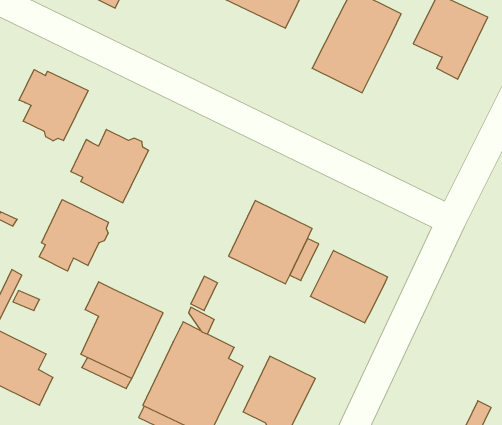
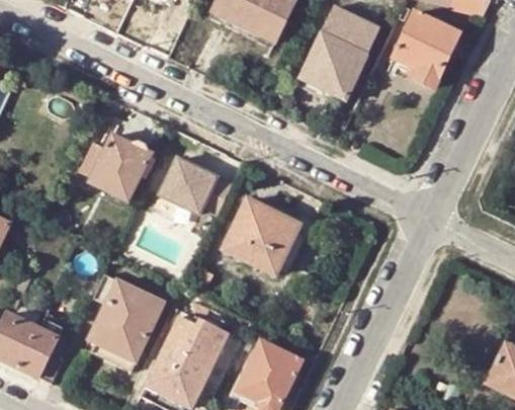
building: [19,70,88,141] -> none
building: none -> [160,157,233,213]
building: [39,200,109,271] -> none
building: [310,250,388,323] -> none

